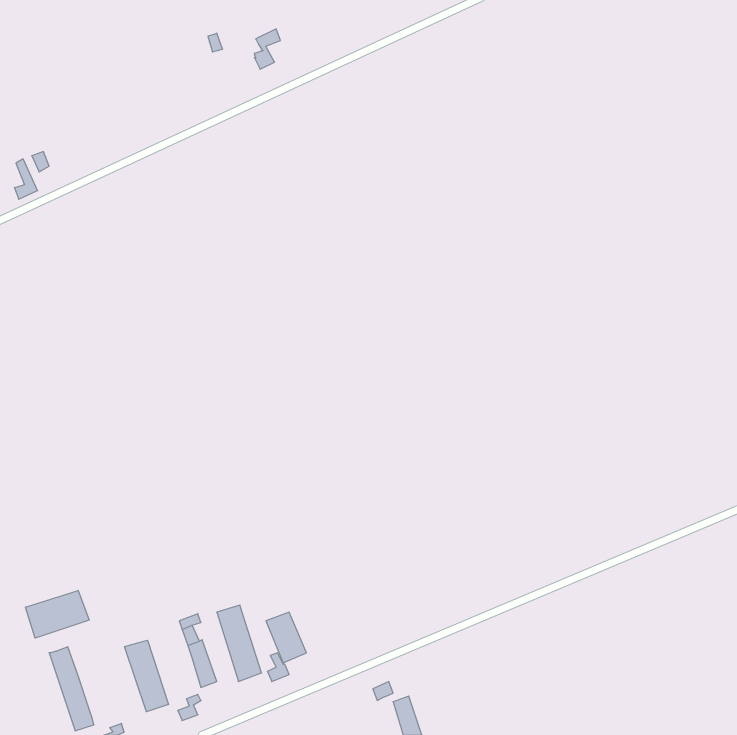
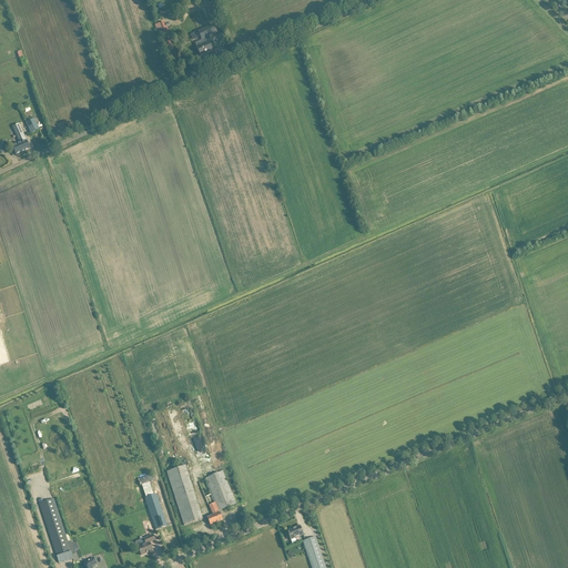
building: [25,590,89,638] -> none
building: [125,640,168,712] -> none

